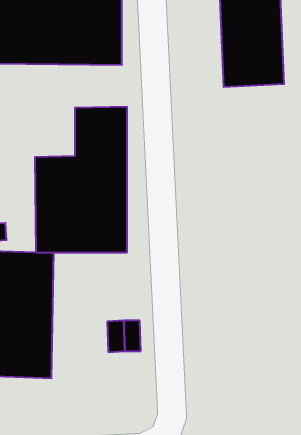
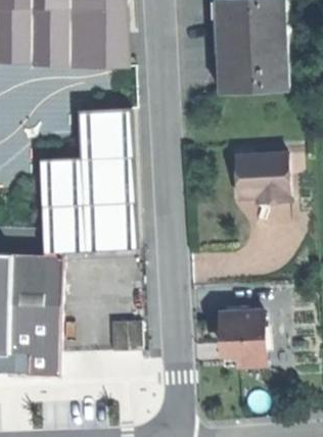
building: none -> [236,151,290,201]
building: none -> [221,309,265,363]

